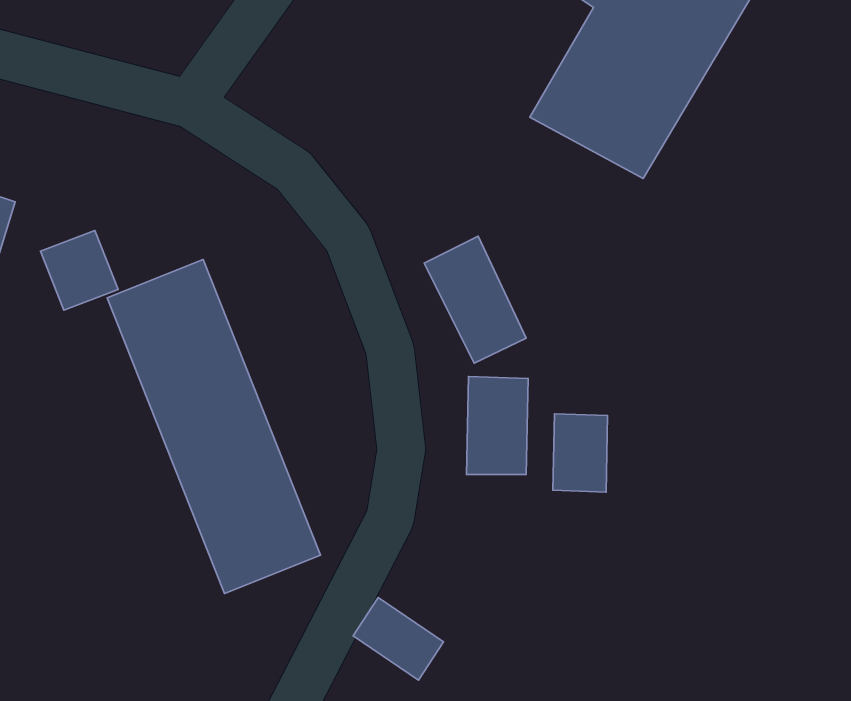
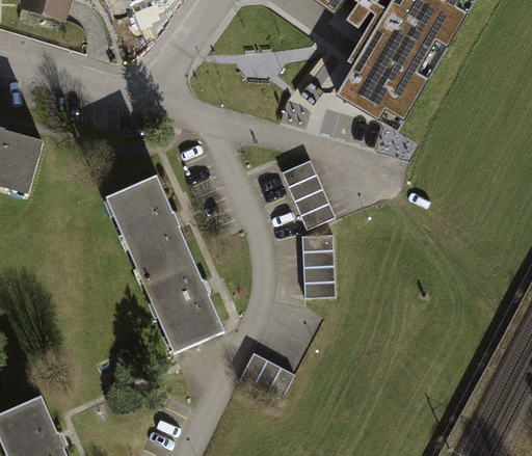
building: [41,231,118,310] -> none
building: [553,414,608,492] -> none

